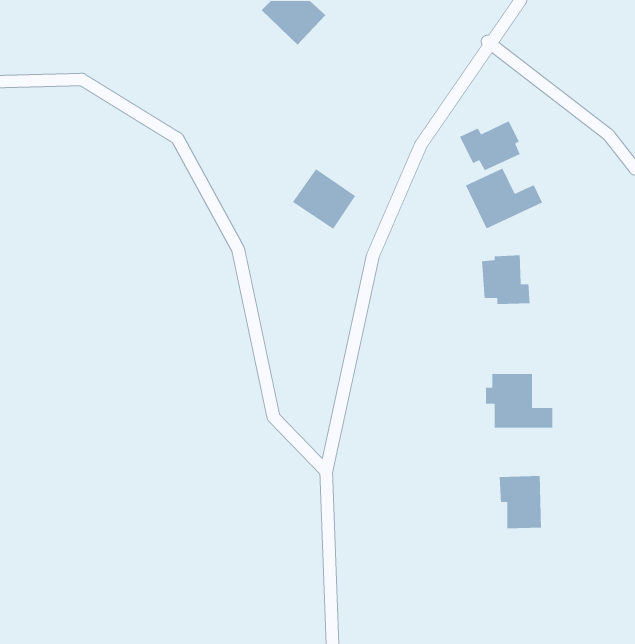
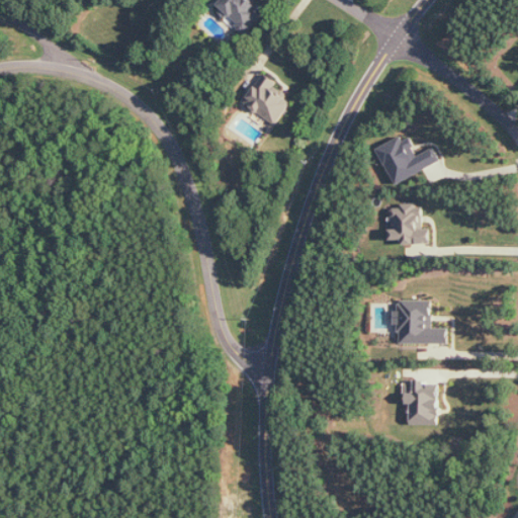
building: [459,120,521,171] -> none
building: [292,168,356,230] -> [239,76,290,125]

